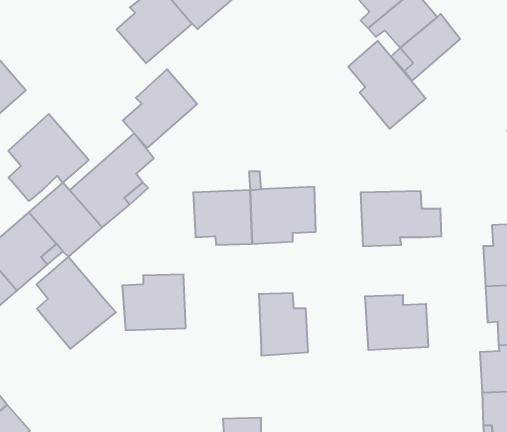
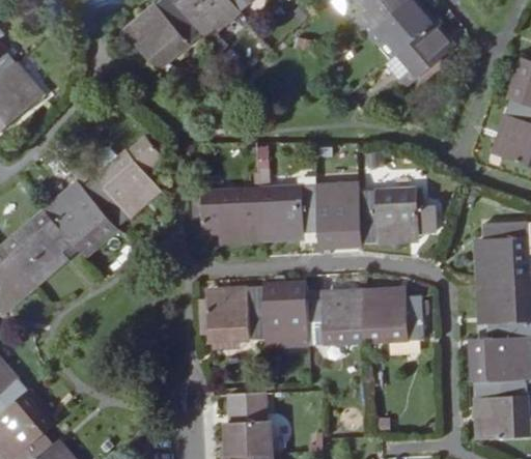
building: [348,41,426,129] -> none
building: [123,69,197,148] -> none
building: [8,114,89,201] -> none
building: none -> [316,185,362,243]
building: [37,257,116,349] -> none
building: [122,274,186,330] -> [205,288,266,341]
building: none -> [308,290,367,343]

